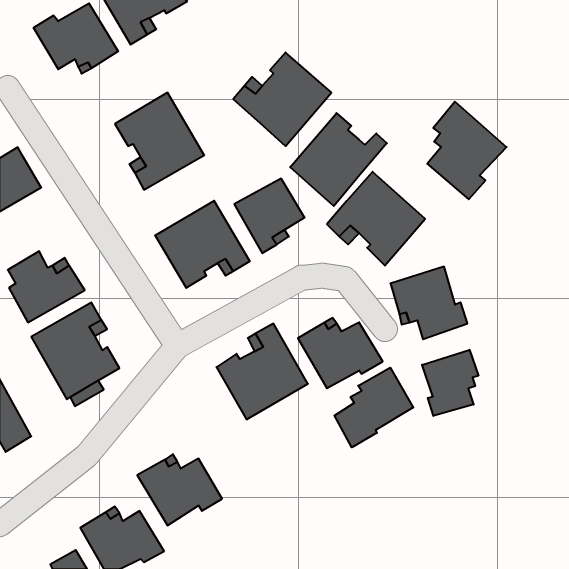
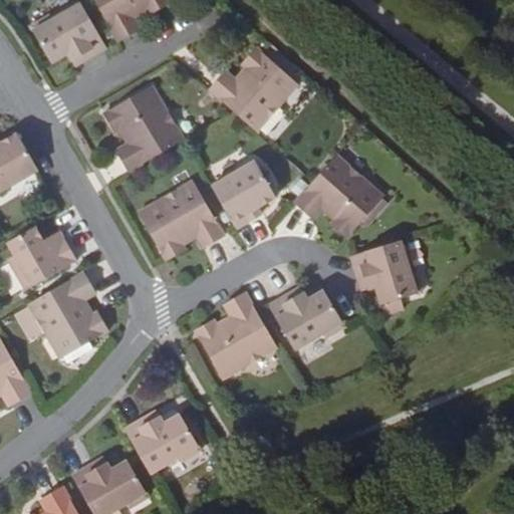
building: [427,102,507,199] -> none
building: [290,113,387,206] -> none
building: [422,350,478,416] -> none
building: [334,368,413,447] -> none

